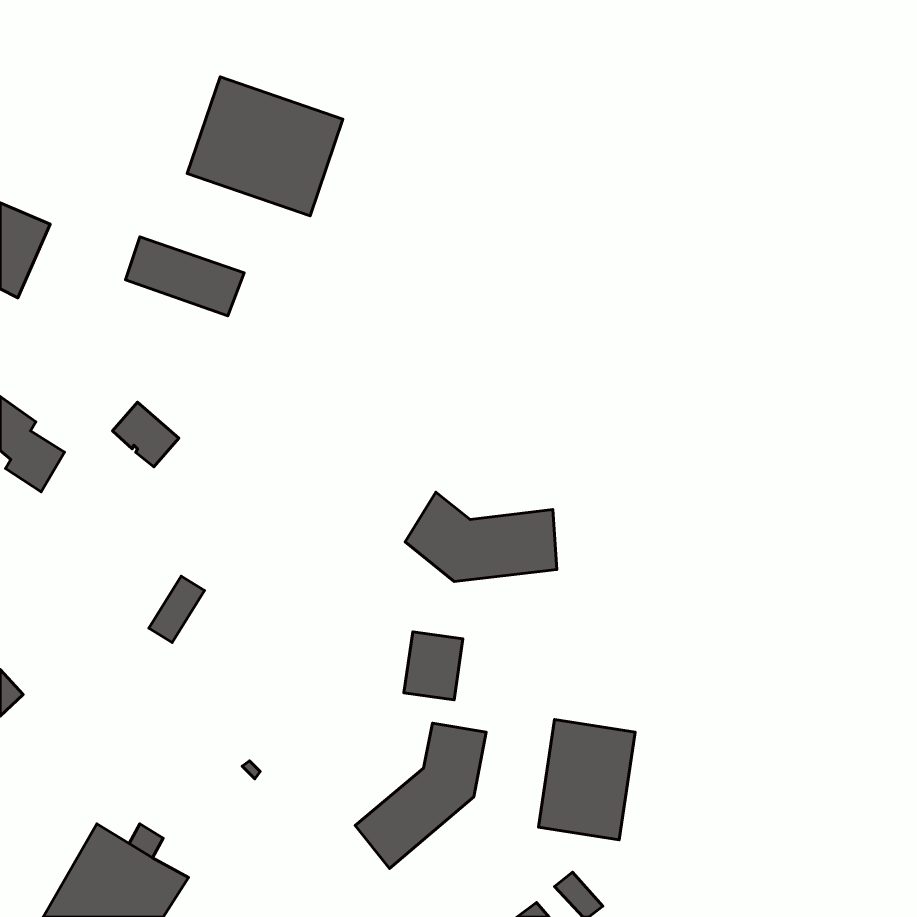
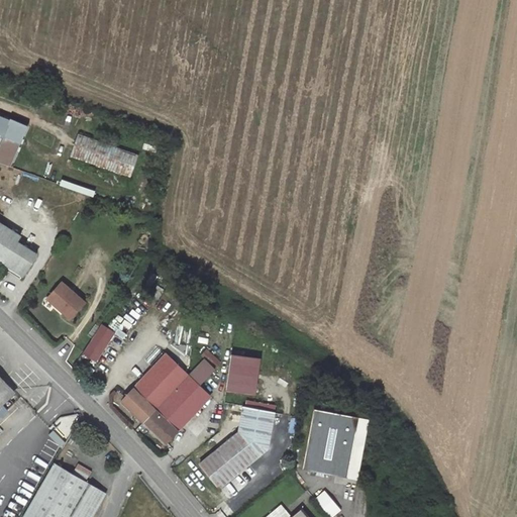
building: [187,77,343,216] -> none
building: [112,402,179,467] -> [47,283,85,319]
building: [405,492,557,582] -> none
building: none -> [122,353,214,442]

